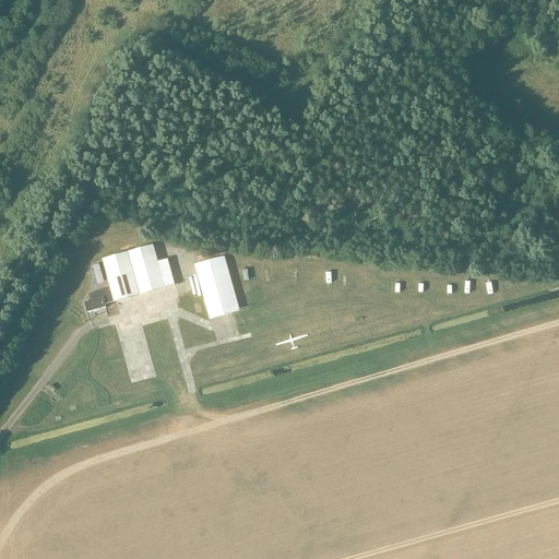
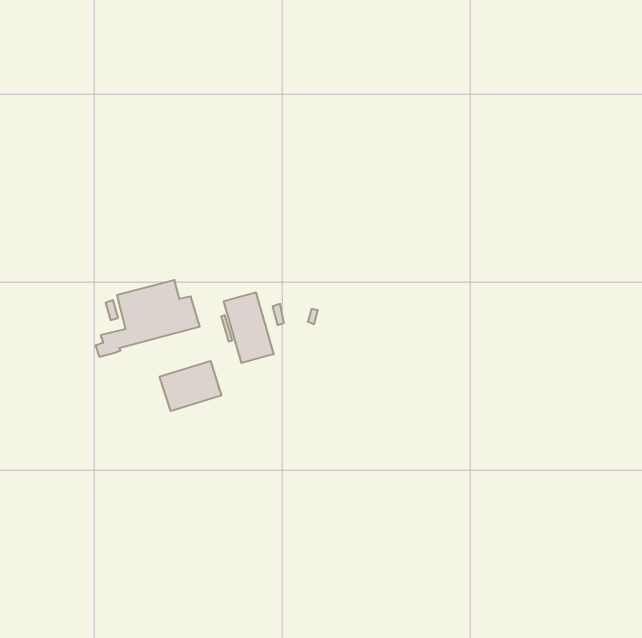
building: none -> [160,361,221,411]

